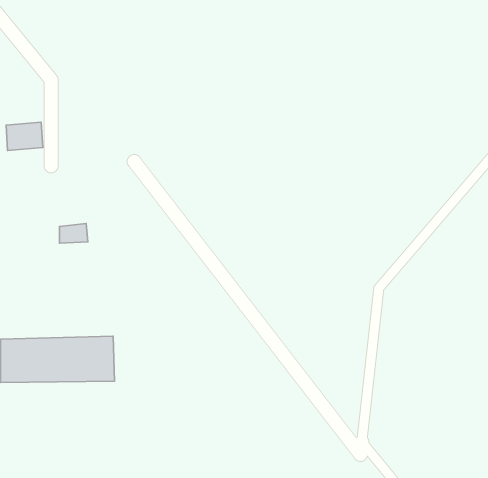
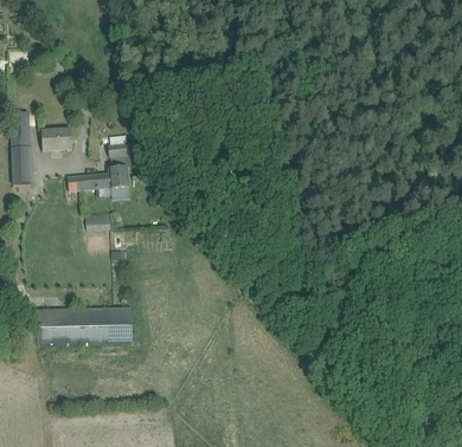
building: none -> [70,135,130,189]

